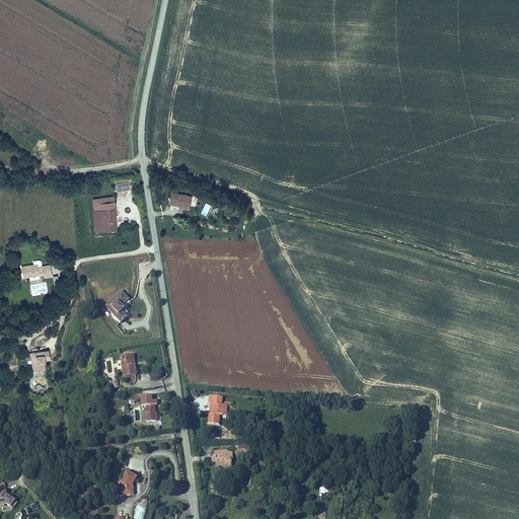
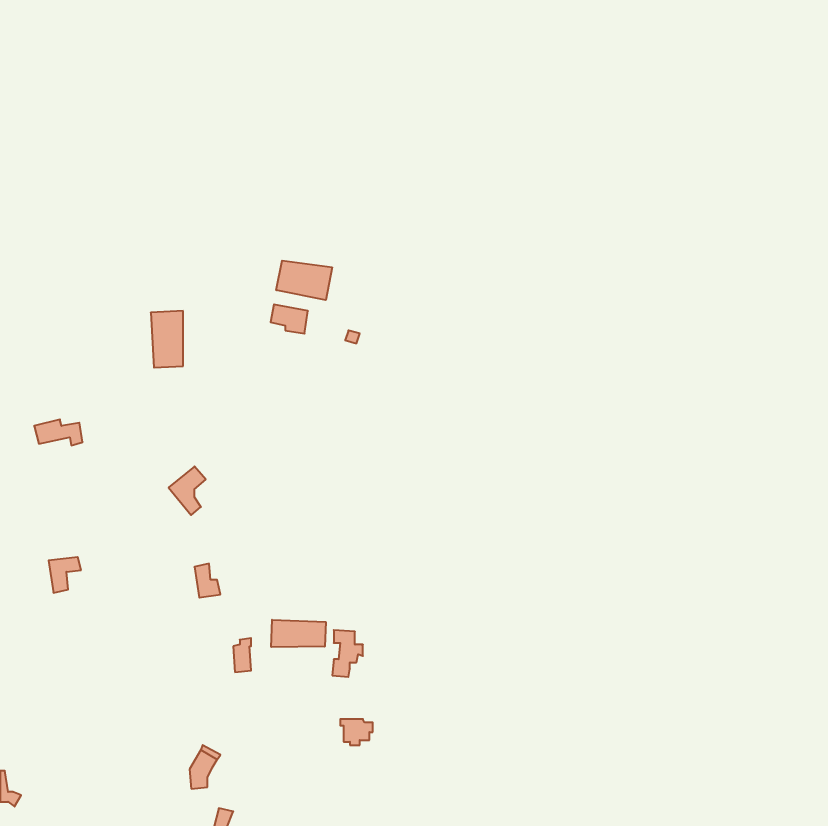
building: none -> [276,261,332,300]
building: none -> [271,620,326,647]

